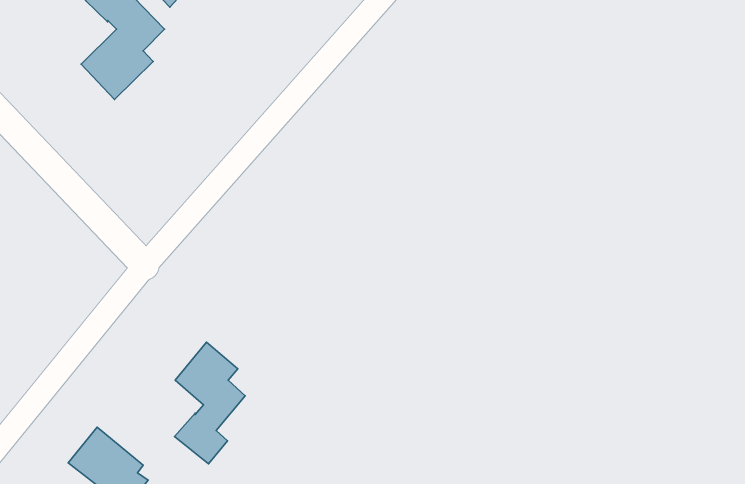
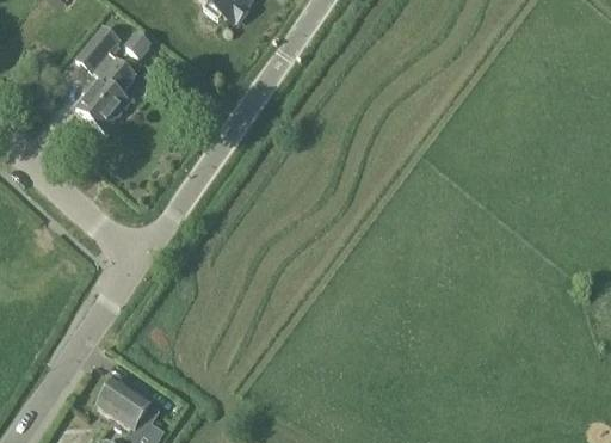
building: [175,342,245,464] -> none

